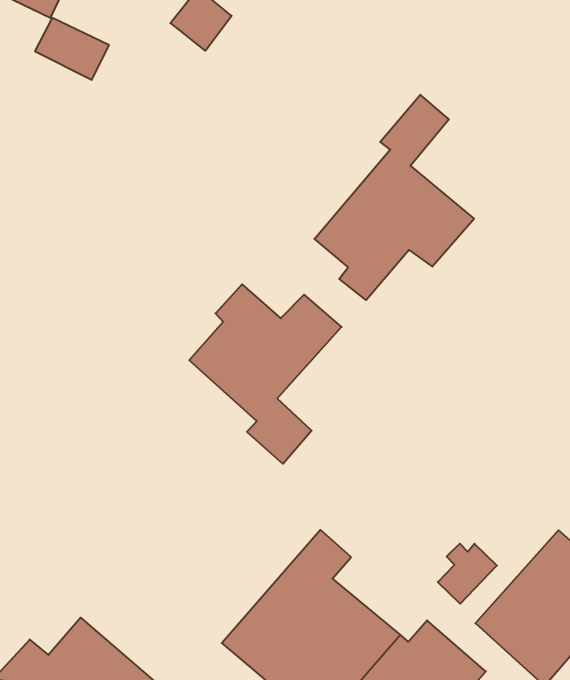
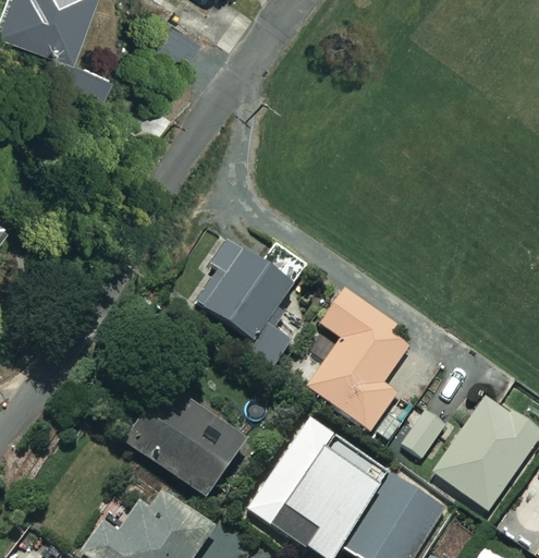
building: [314,95,474,300] -> none
building: none -> [307,288,408,438]
building: none -> [125,383,245,496]

